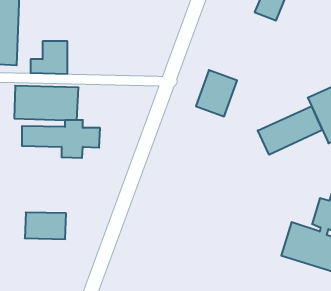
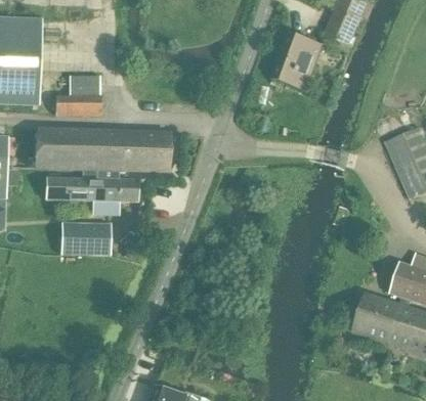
building: [196,70,237,116] -> [270,33,320,88]
building: none -> [109,131,167,172]
building: [258,106,322,155] -> none
building: [25,212,66,239] -> [58,223,108,255]

